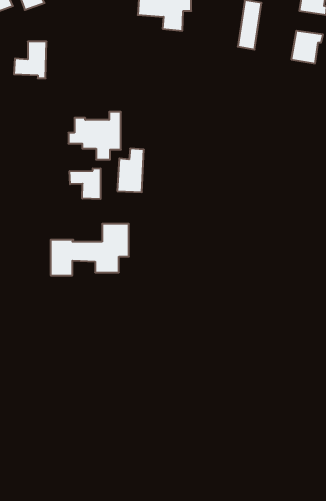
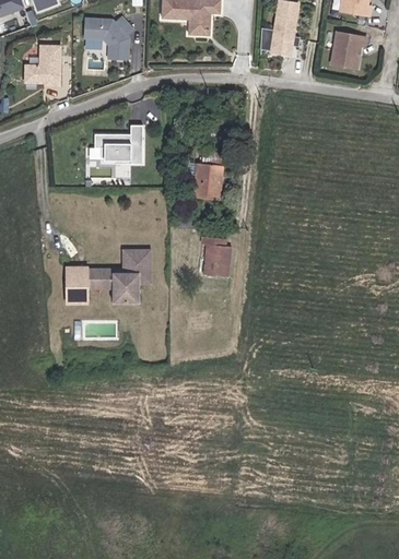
building: none -> [85,14,134,57]
building: [117,149,144,192] -> [191,152,221,200]
building: [70,168,101,199] -> none
building: none -> [200,241,231,281]

